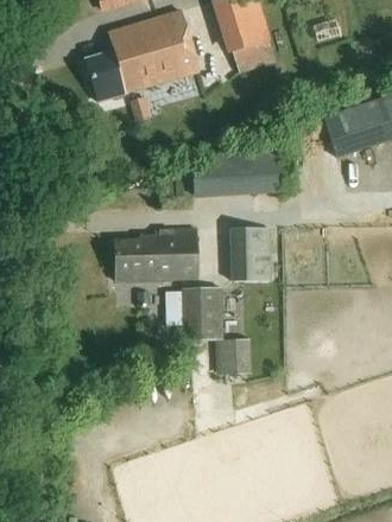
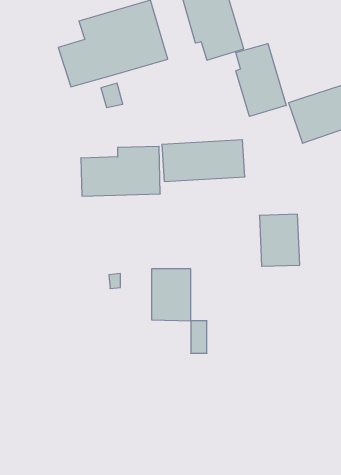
building: none -> [236,44,286,116]
building: [229,228,271,281] -> [259,214,300,266]
building: [114,229,196,280] -> [81,146,160,196]

